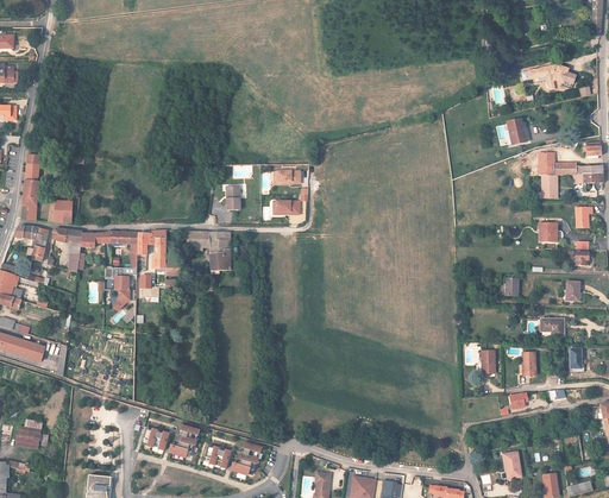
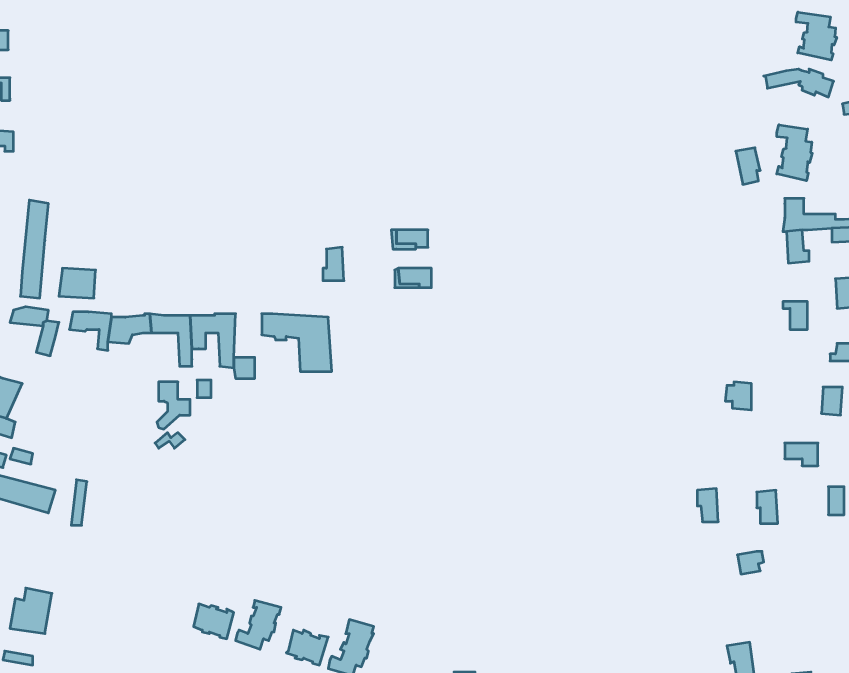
building: none -> [796,12,837,60]
building: none -> [777,125,812,181]

